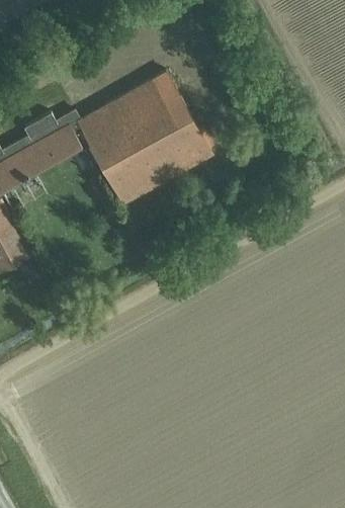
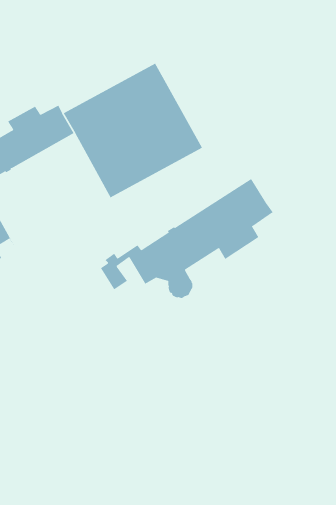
building: none -> [100,178,274,299]

